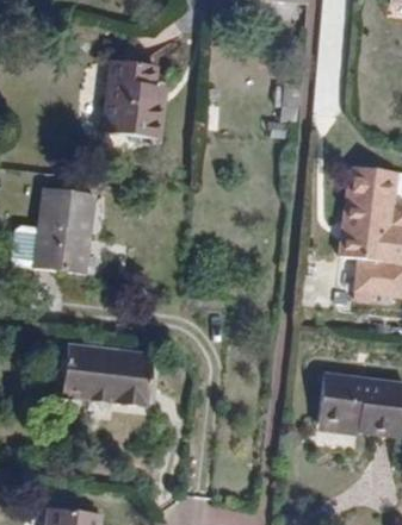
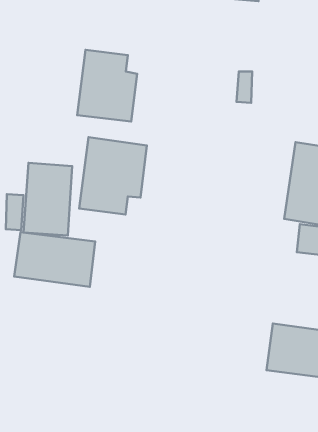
building: none -> [79,137,147,214]
building: [61,345,154,408] -> [14,232,95,287]

